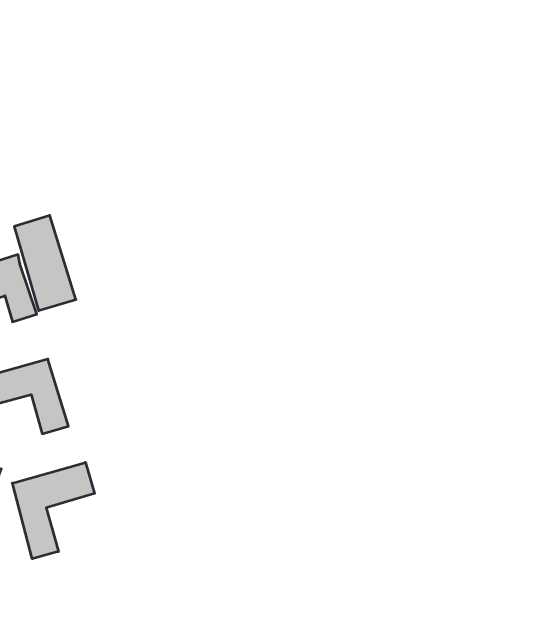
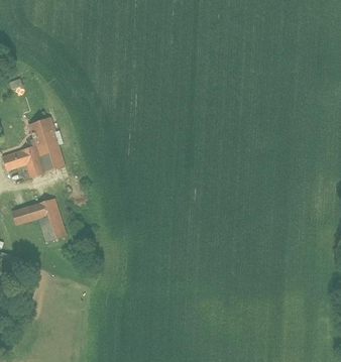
building: [12,462,95,559] -> none

